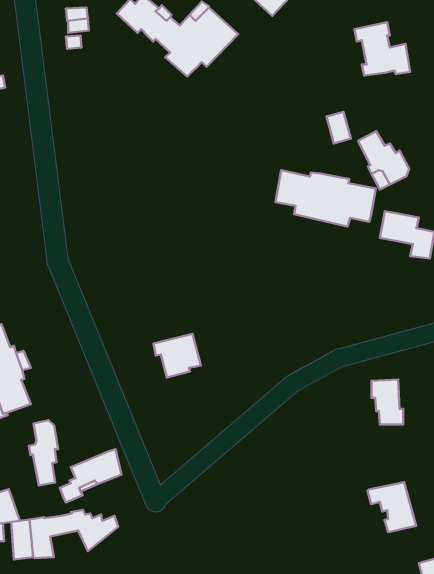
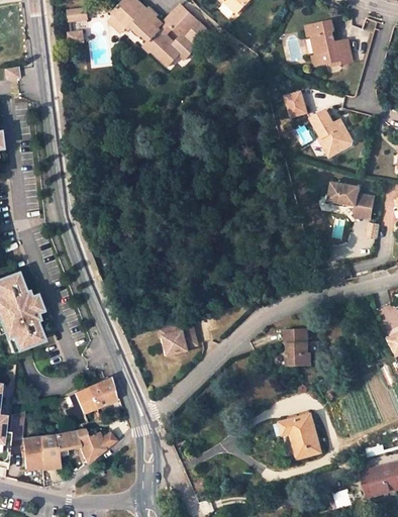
building: [275,170,376,227] -> none
building: [154,334,201,377] -> [157,319,196,355]
building: [371,380,403,425] -> [285,327,311,365]
building: [29,420,58,485] -> none
building: [368,482,416,532] -> [281,415,321,456]

